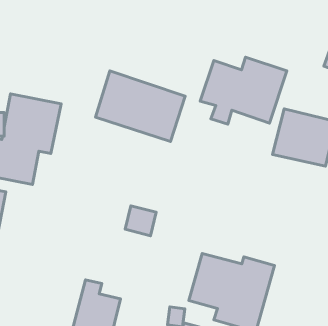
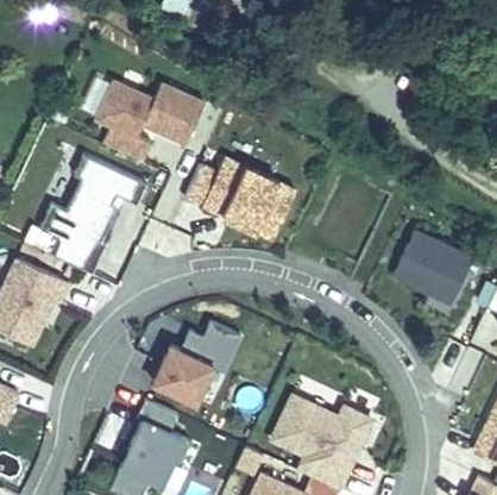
building: none -> [97,82,206,164]
building: [200,57,287,124] -> none
building: none -> [152,333,221,401]

